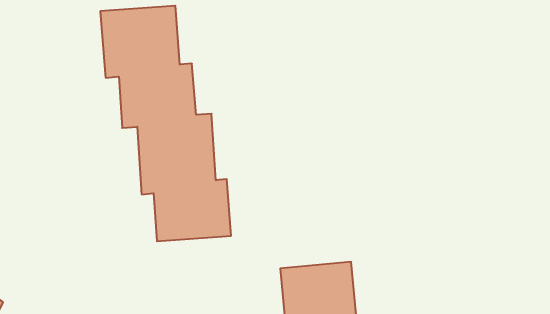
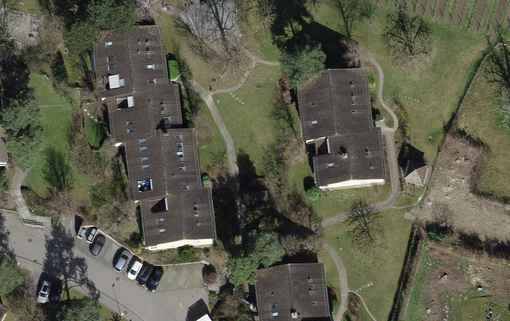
building: none -> [298,72,383,183]

